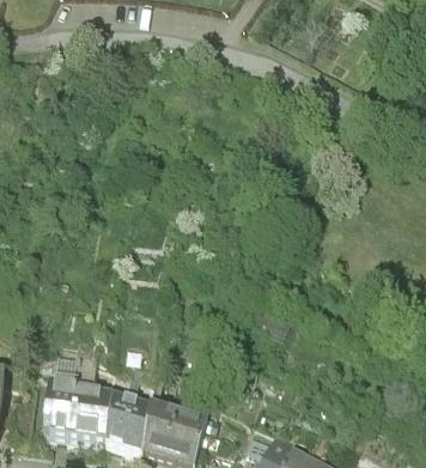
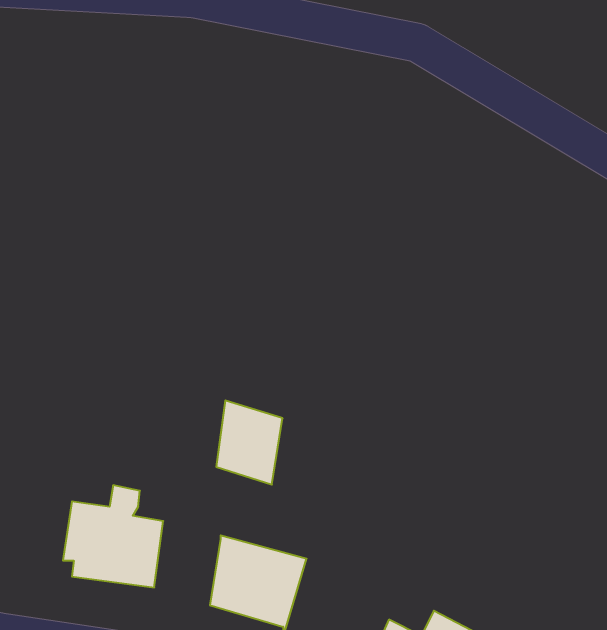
building: [105,391,150,448] -> [216,400,283,485]

